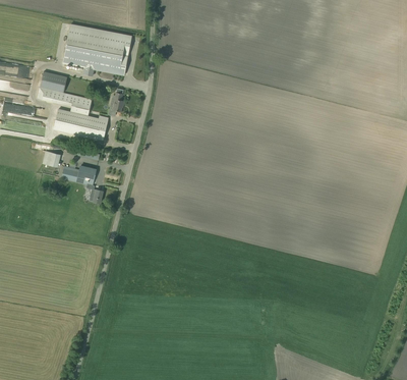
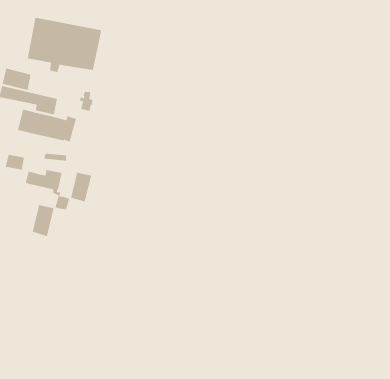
building: none -> [70,172,92,203]
building: none -> [32,204,55,237]

